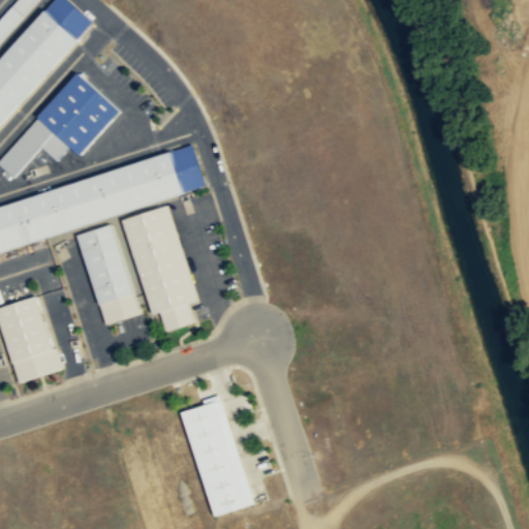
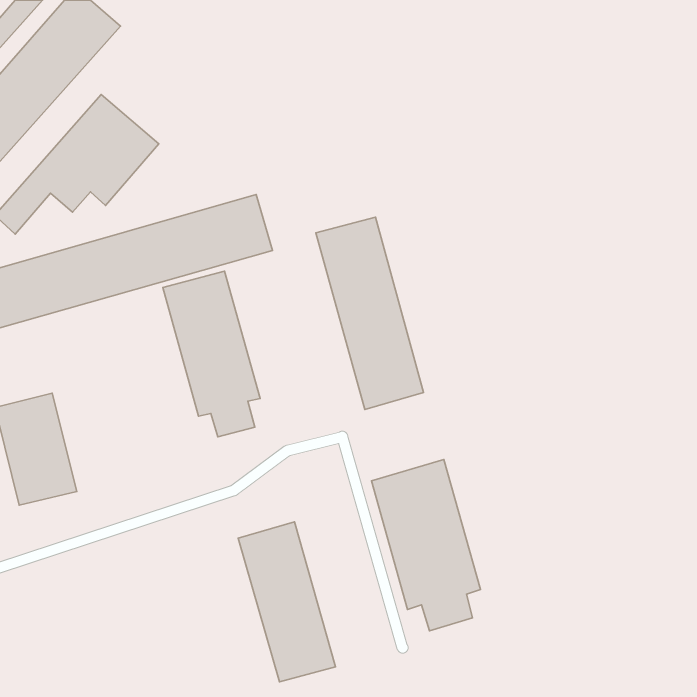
building: none -> [316,217,423,410]
building: [77,225,137,325] -> none
building: none -> [372,460,481,631]

